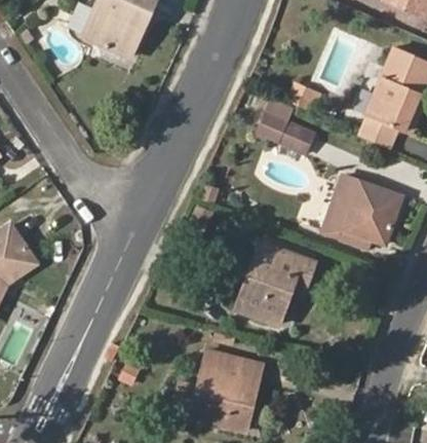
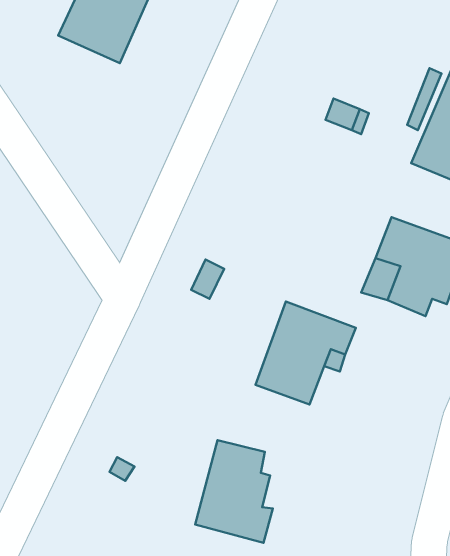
building: [261,116,313,154] -> none
building: [241,360,267,432] -> none

